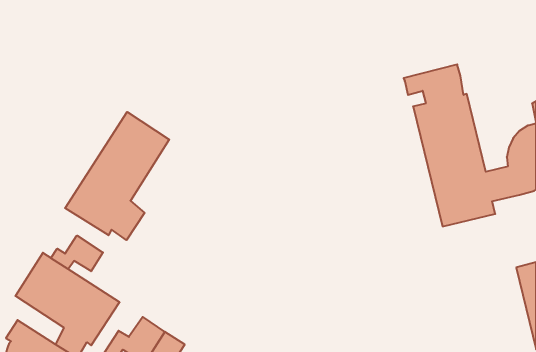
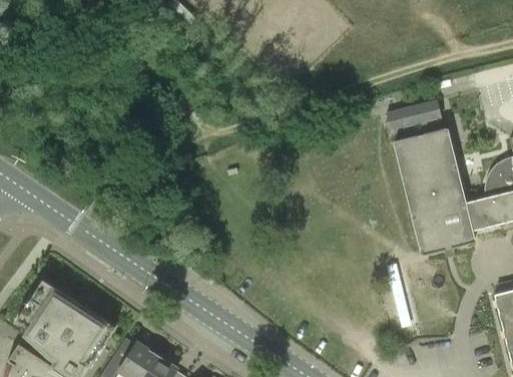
building: [65,112,169,240] -> none
building: [51,236,103,271] -> none

